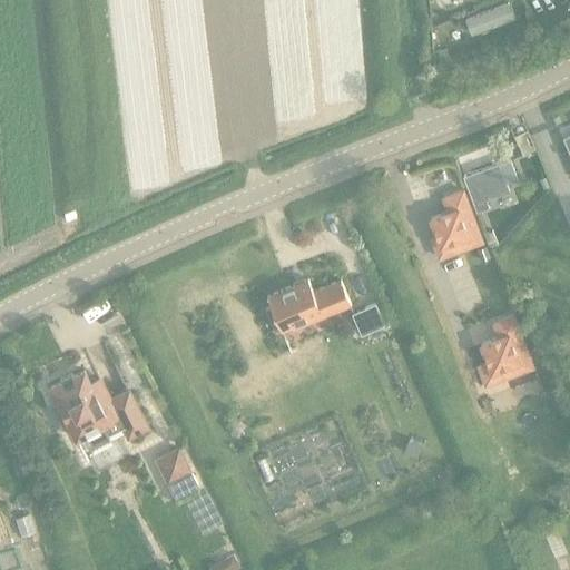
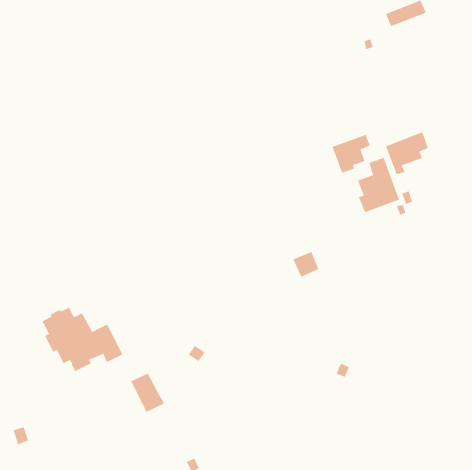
building: none -> [332,134,370,173]
building: [268,281,352,334] -> none
building: [479,318,532,386] -> none

